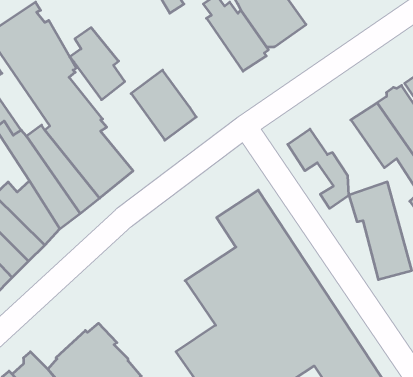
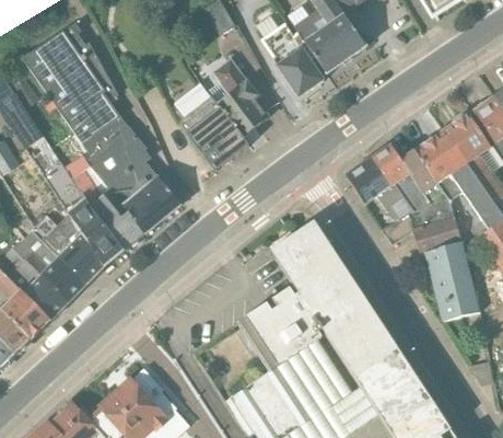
building: [70,28,125,100] -> [208,58,267,136]
building: none -> [371,145,454,230]

